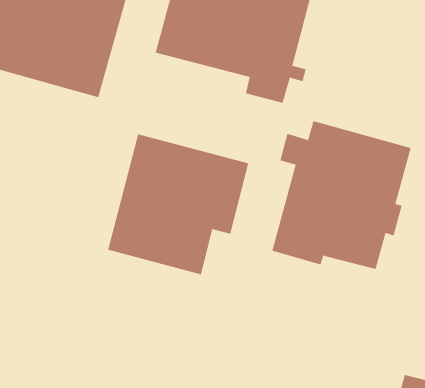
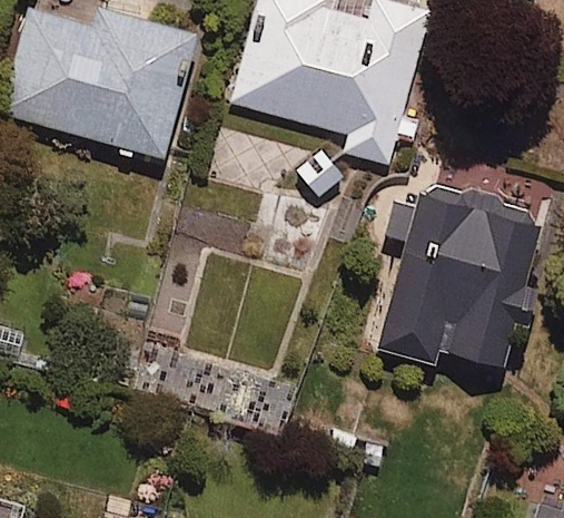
building: [107,134,249,275] -> none

